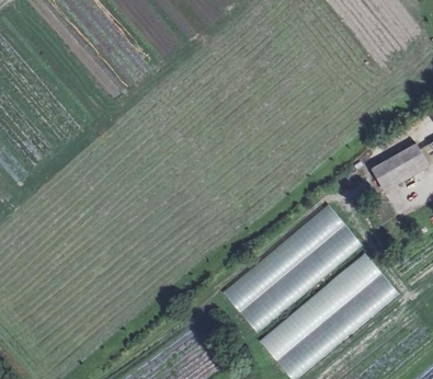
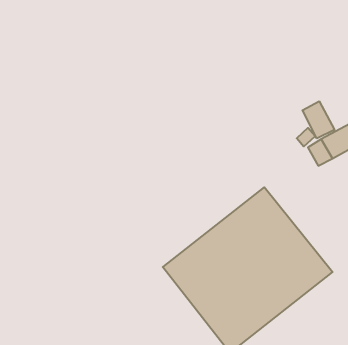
building: none -> [302,101,334,138]

